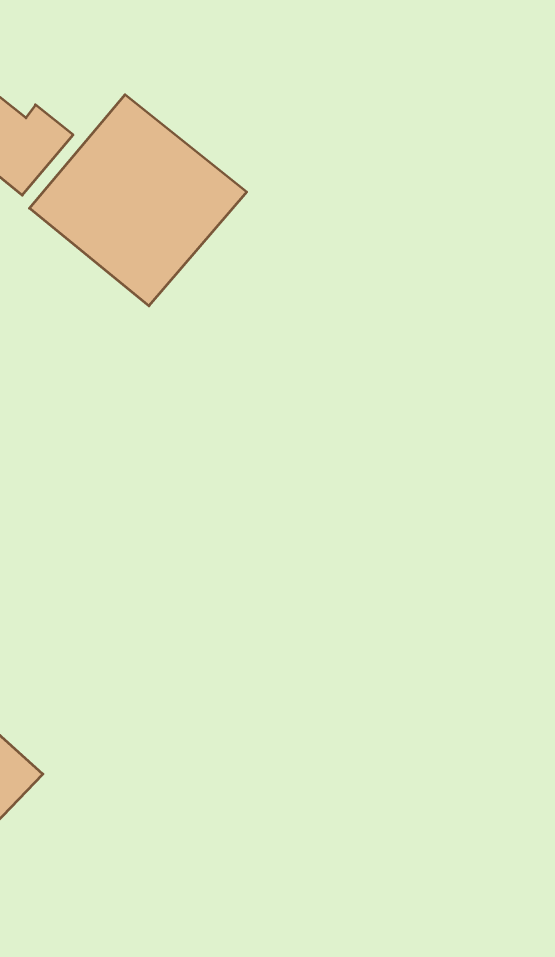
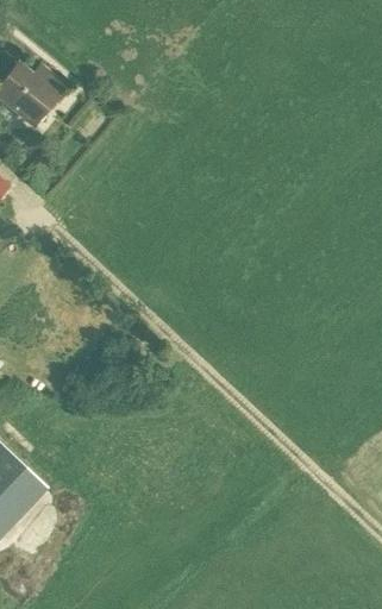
building: [29,95,247,306] -> none

